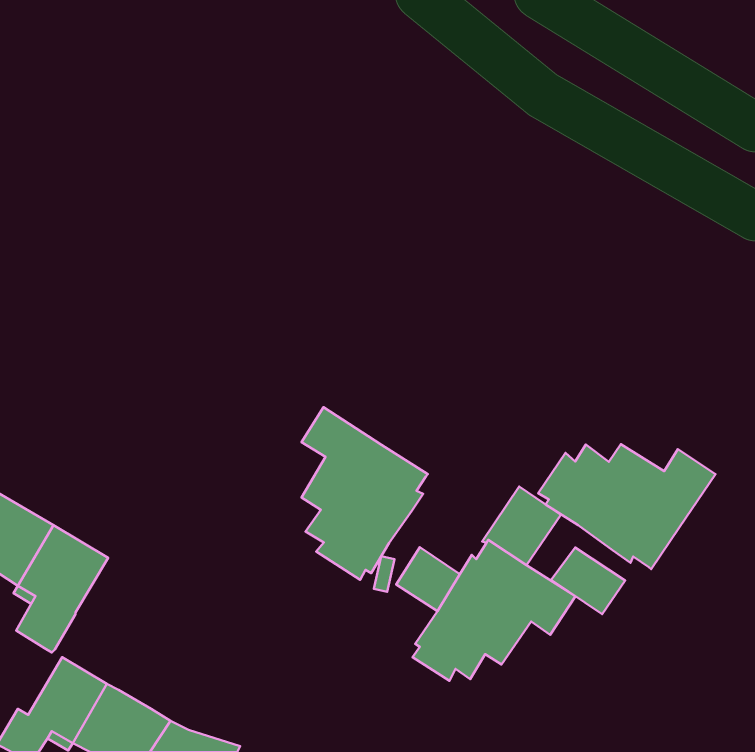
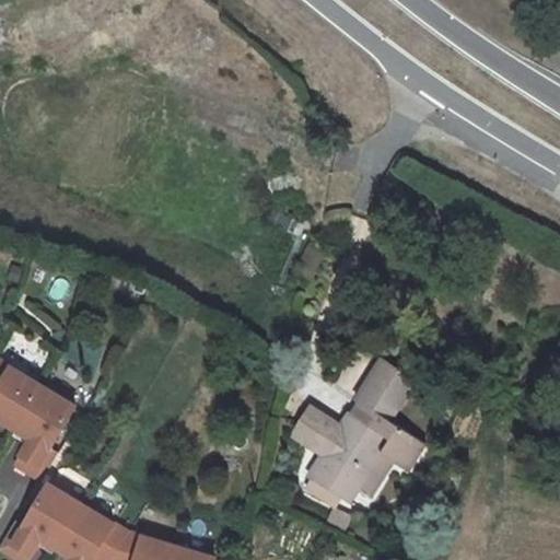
building: [301,407,428,580] -> none
building: [538,444,715,569] -> none
building: [551,548,625,614] -> none

